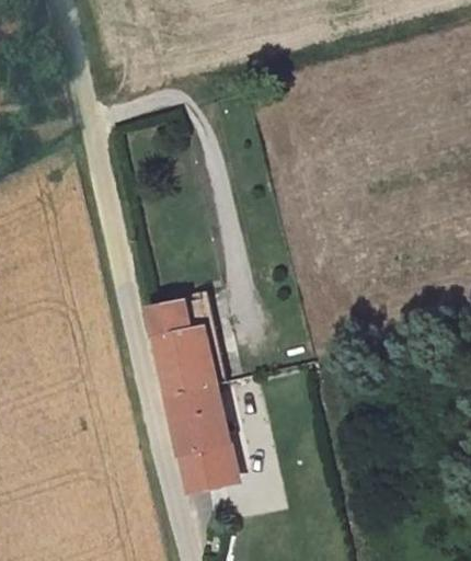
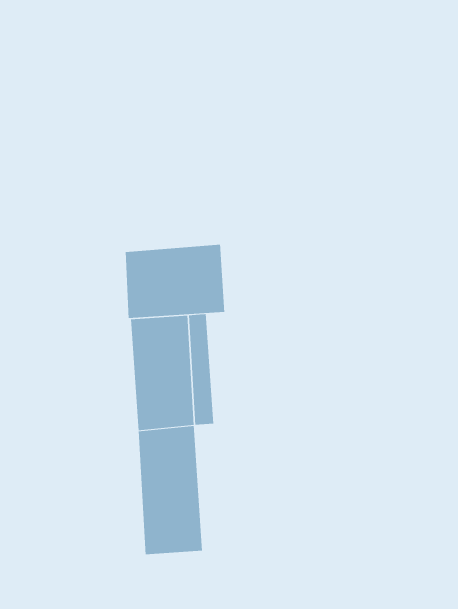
building: none -> [125,244,225,319]

